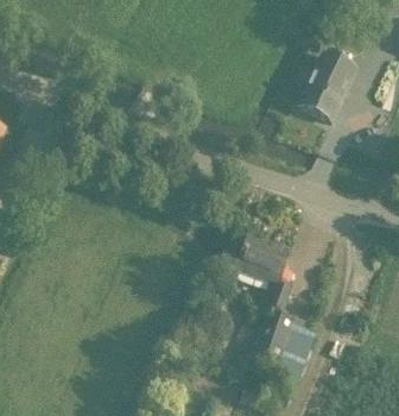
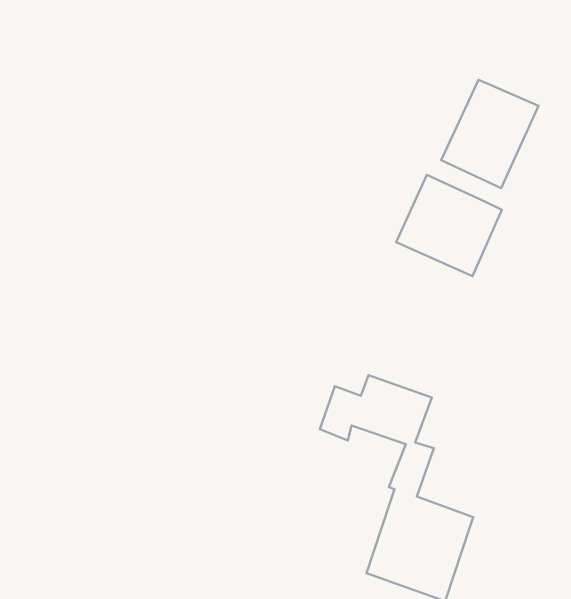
building: none -> [396,175,502,276]

